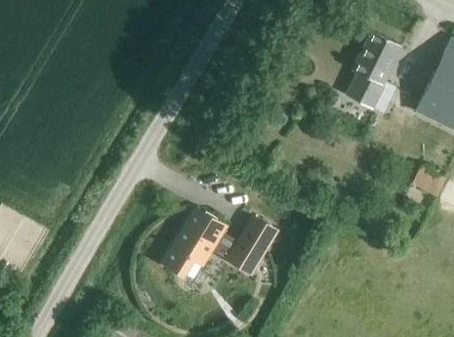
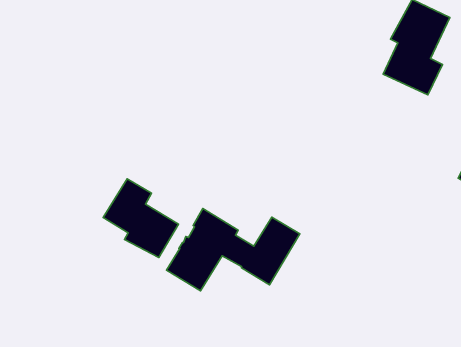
building: none -> [103,179,178,257]

